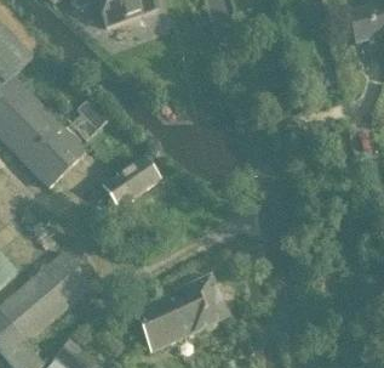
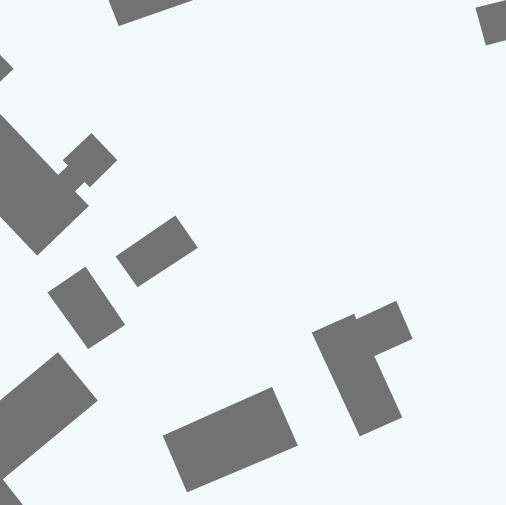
building: none -> [47,266,126,350]
building: none -> [311,300,413,437]

